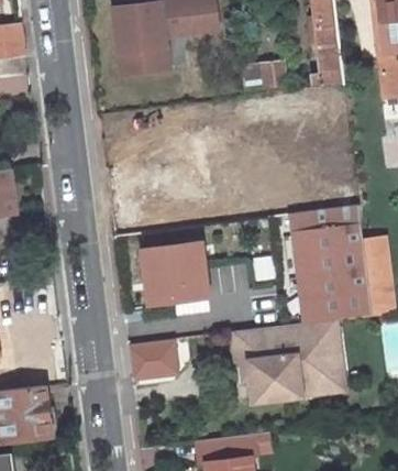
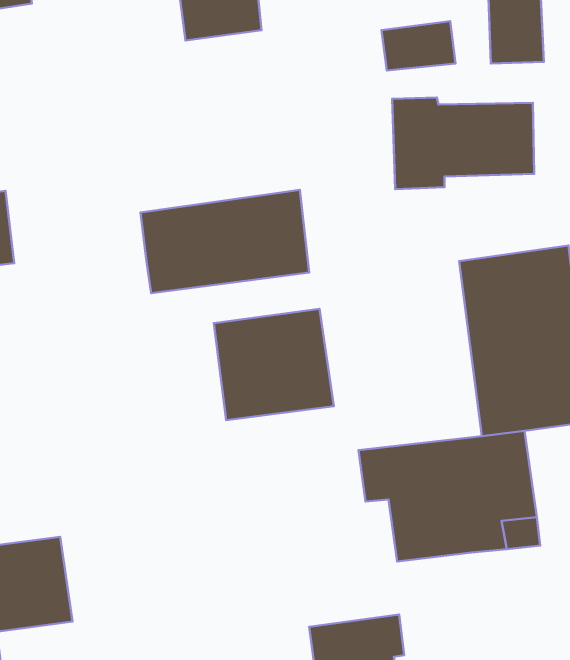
building: none -> [392,98,534,189]
building: none -> [140,190,309,293]
building: [129,341,181,383] -> none

